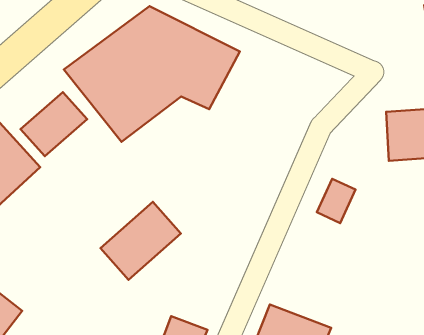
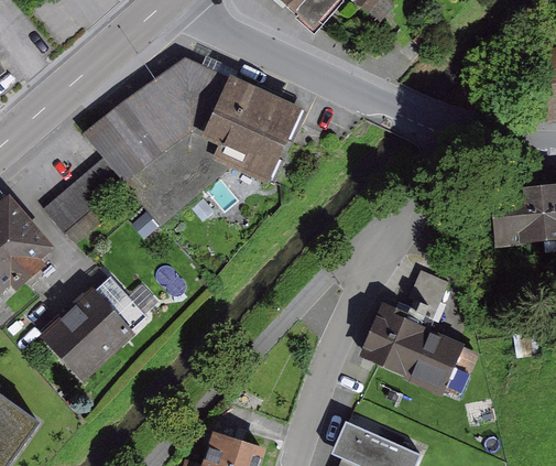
building: [101,202,181,280] -> [46,277,144,371]
building: none -> [360,308,462,390]

